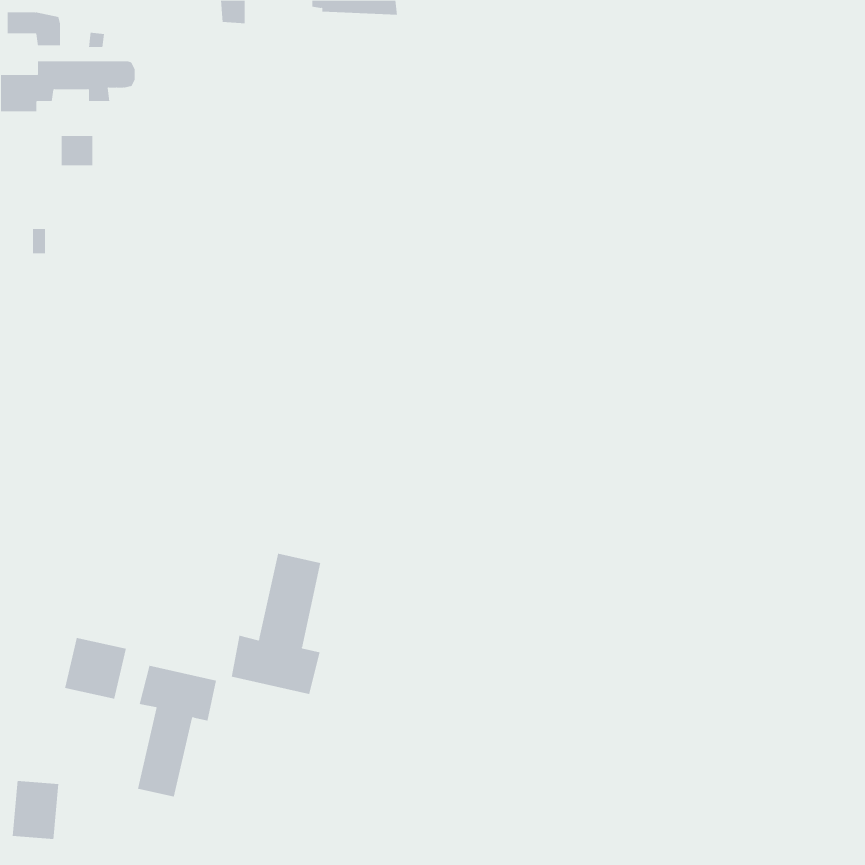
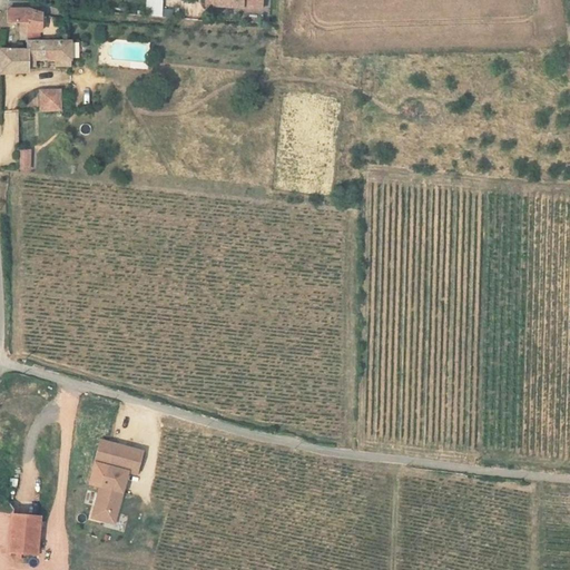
building: [231,553,321,695] -> none
building: [64,637,126,700] -> none

